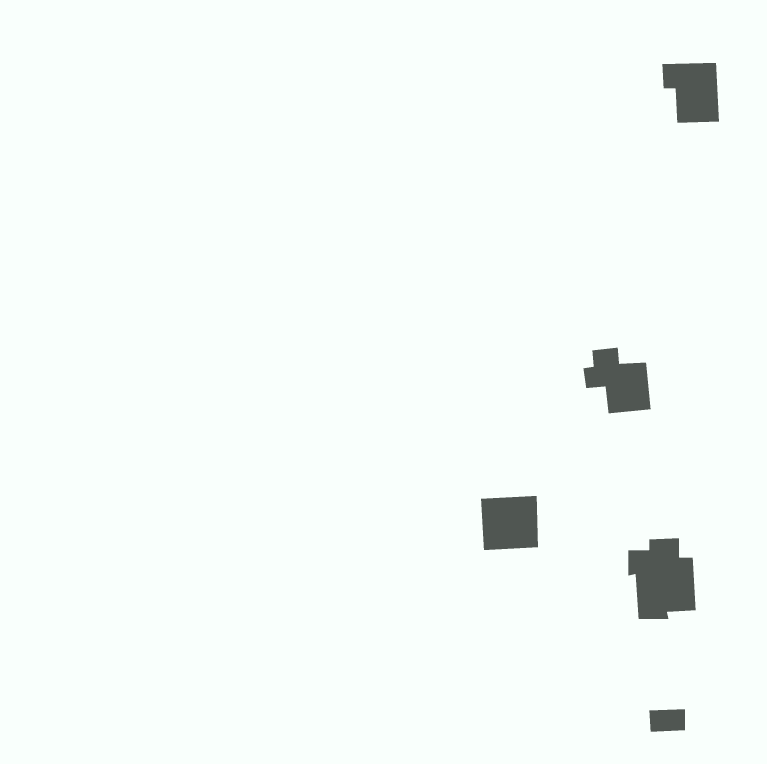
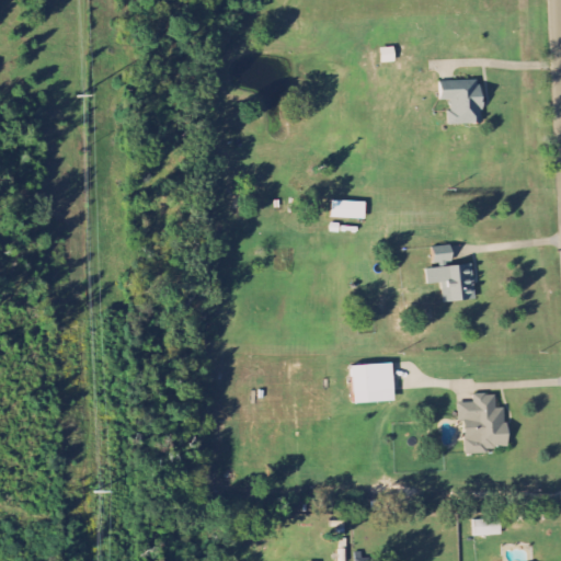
building: [661,62,720,124] -> [439,80,482,125]
building: none -> [331,201,365,218]

